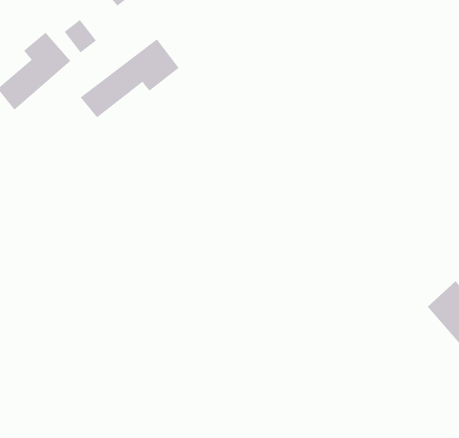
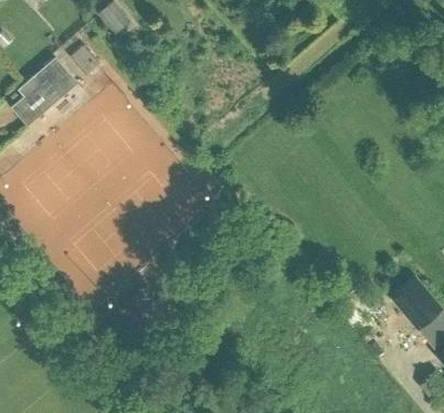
building: [80,38,179,118] -> none

